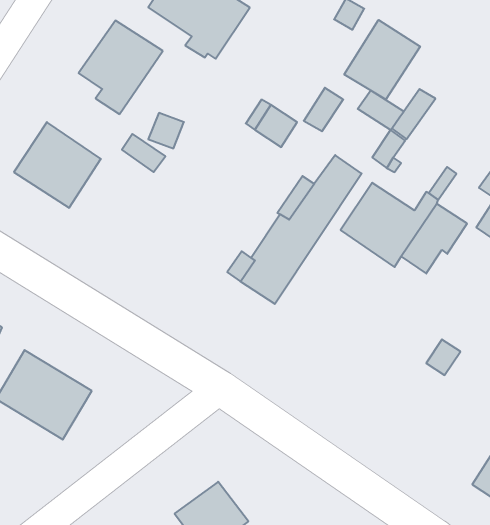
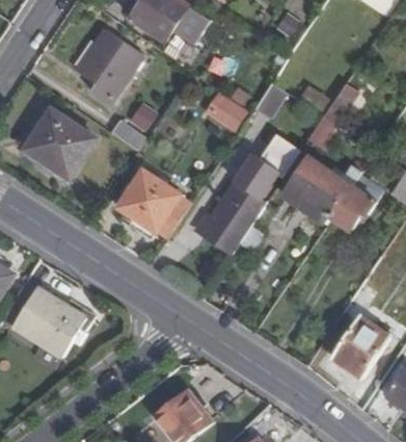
building: [344,20,420,99] -> none
building: none -> [118,170,189,238]
building: none -> [331,316,389,378]

